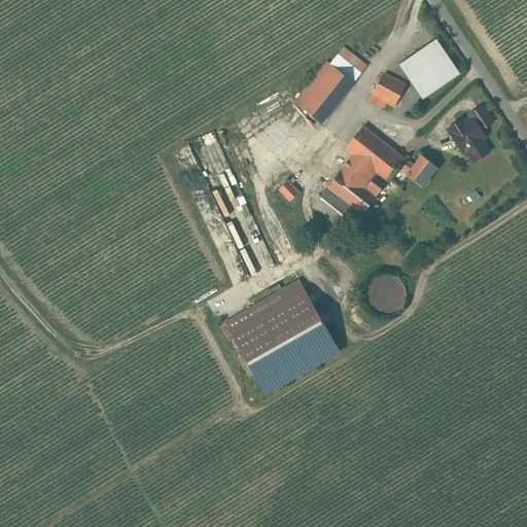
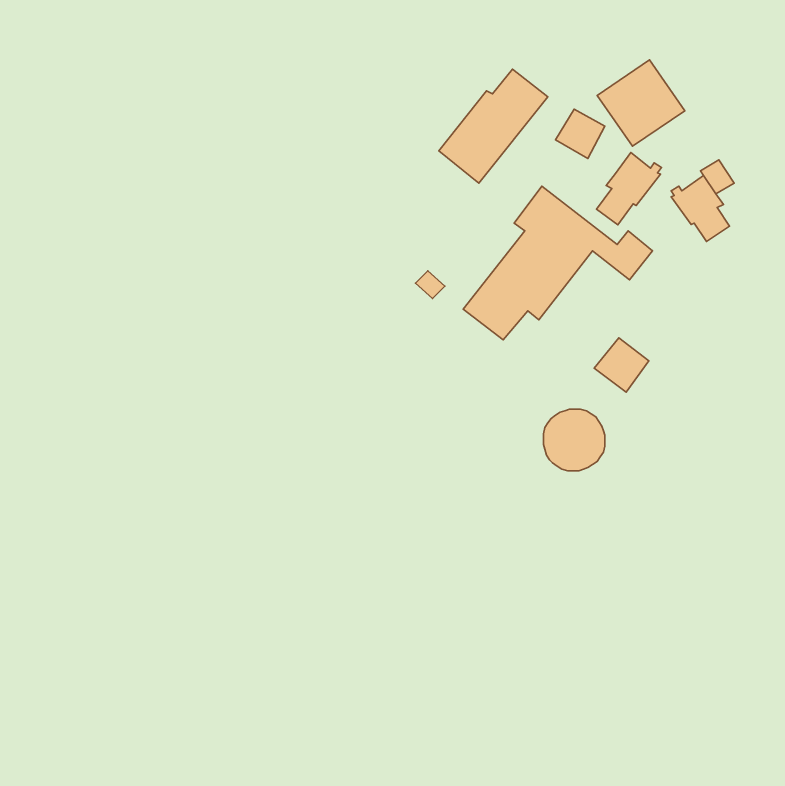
building: none -> [597,153,661,225]
building: none -> [594,338,649,392]
building: [224,281,338,392] -> none

